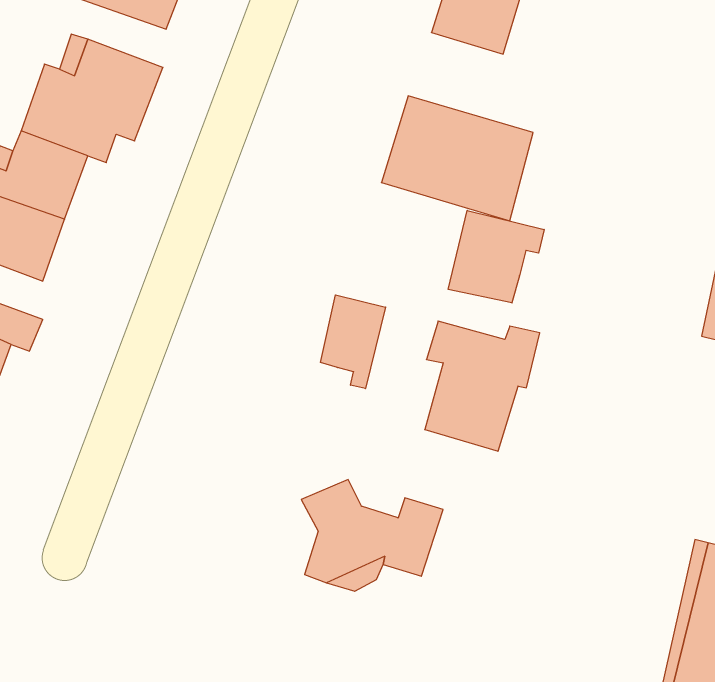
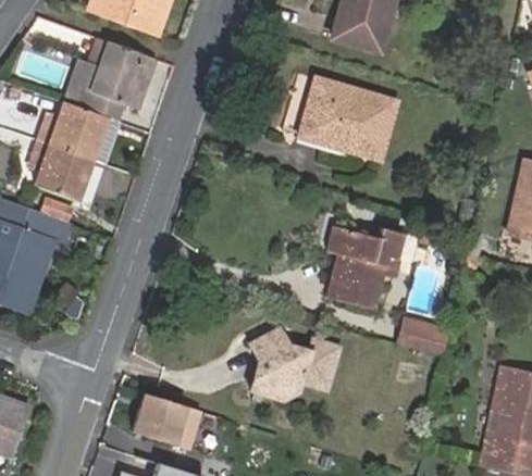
building: [448,210,544,303] -> none
building: [320,295,386,389] -> none
building: none -> [403,322,449,358]
building: none -> [131,394,199,451]

